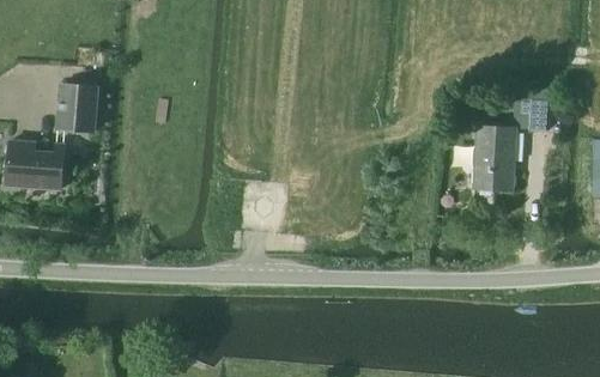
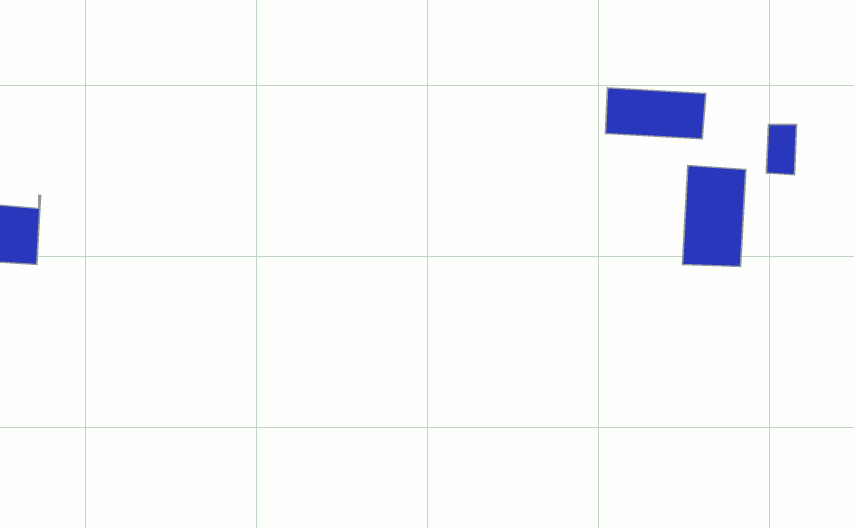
building: none -> [605,88,706,139]
building: [57,83,98,132] -> none

